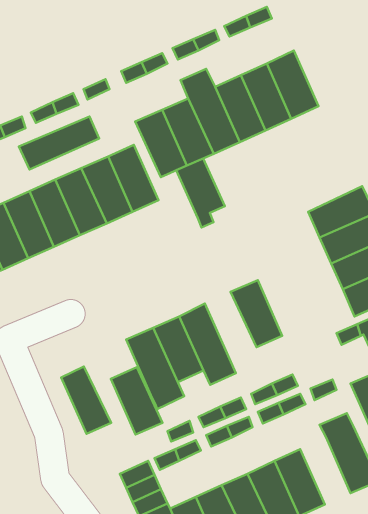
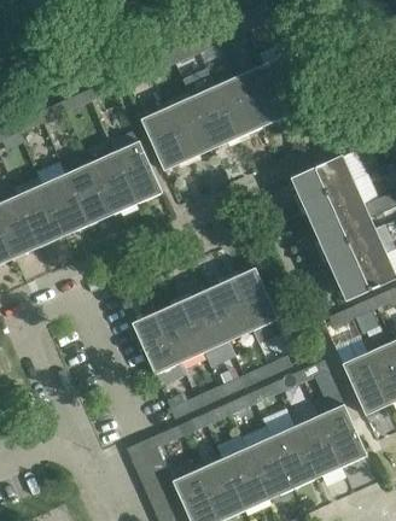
building: [19,116,99,169] -> none
building: [176,158,225,227] -> none
building: none -> [289,156,351,204]
building: [61,367,111,434] -> none
building: [111,367,163,434] -> [204,279,252,341]
building: none -> [293,415,340,478]

